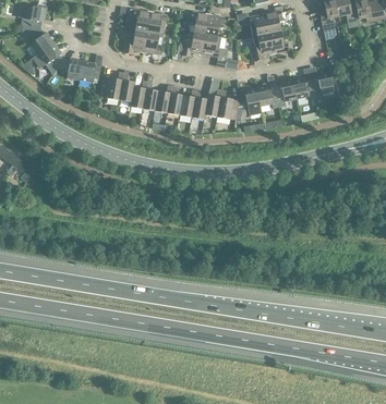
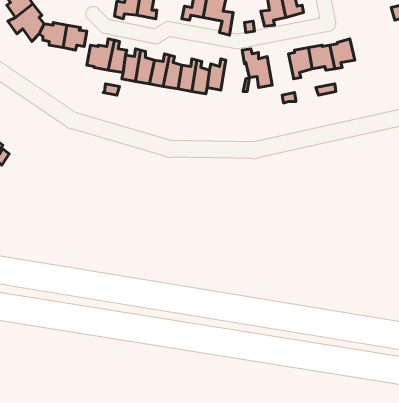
building: [257,74,280,108] -> none
building: [217,90,242,119] -> none

